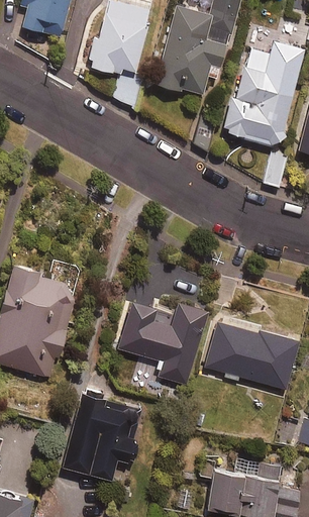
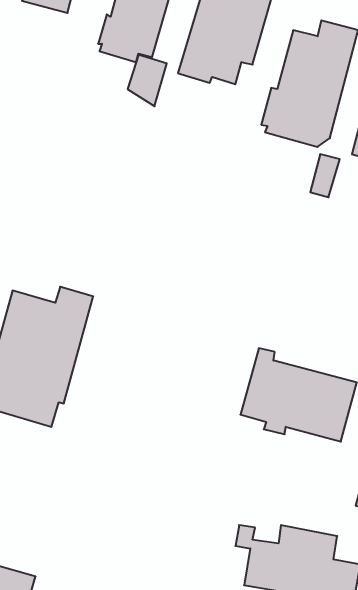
building: [120,299,209,383] -> none
building: [64,395,143,481] -> none

